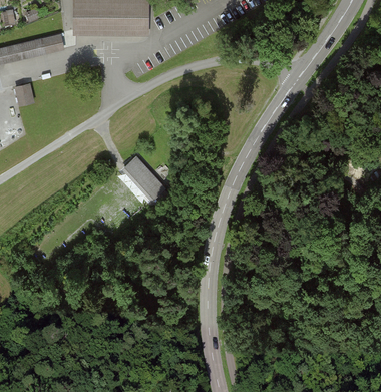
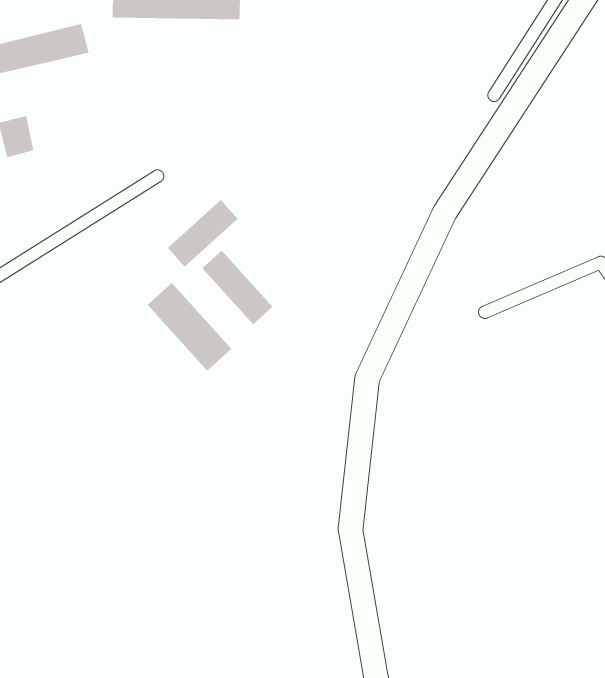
building: none -> [167,199,238,267]
building: none -> [147,282,232,372]

